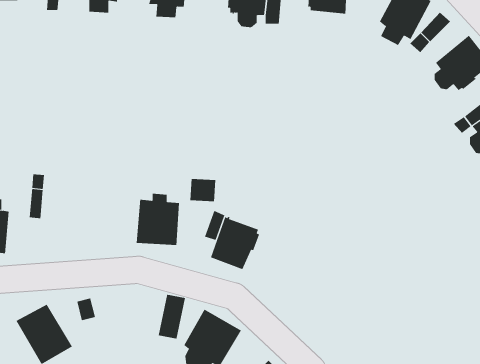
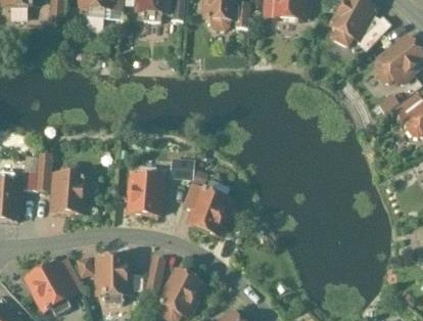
building: none -> [51,165,86,214]
building: none -> [95,259,129,305]

